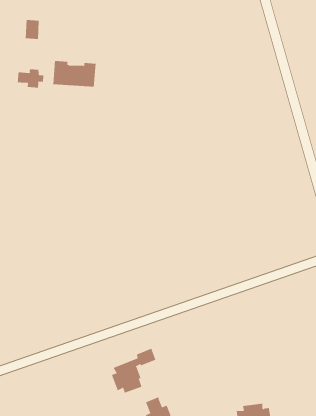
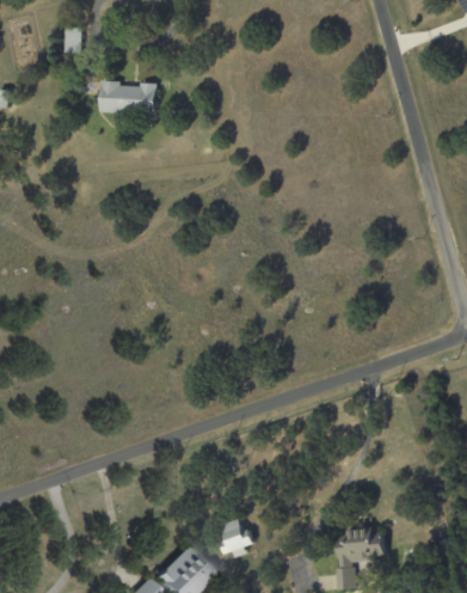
building: [17,68,44,88] -> none
building: [111,348,156,394] -> none

